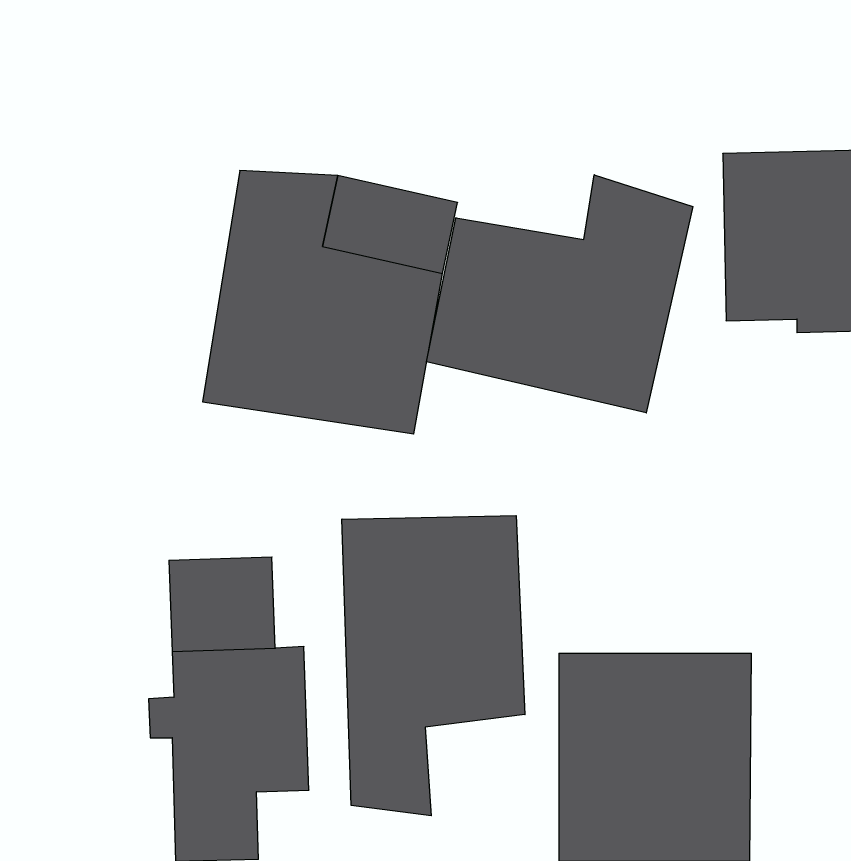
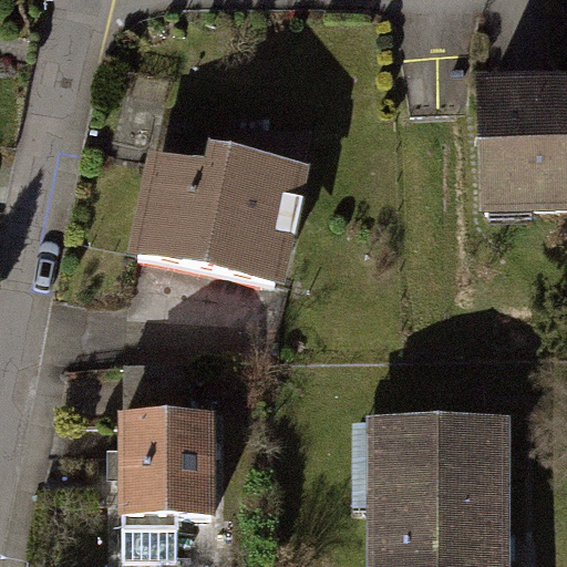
building: [427,175,693,413] -> none
building: [342,516,525,816] -> none

